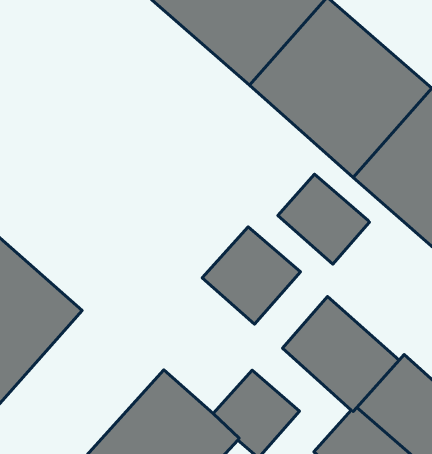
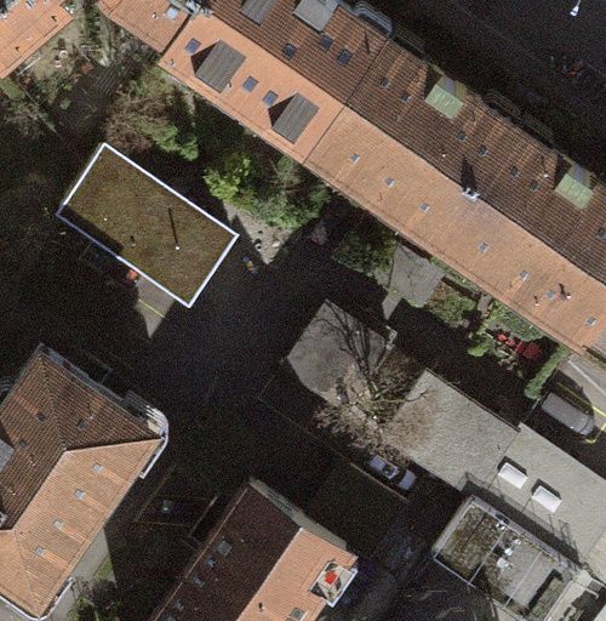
building: none -> [59,153,231,303]
building: [278,174,369,264] -> none

